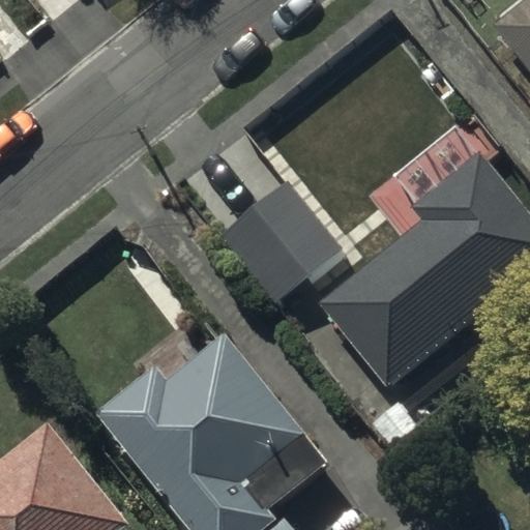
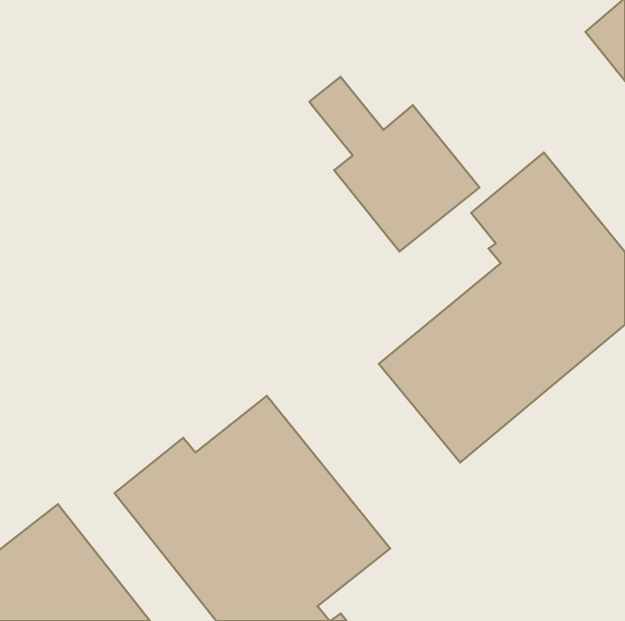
building: [200,156,343,303] -> [310,77,479,251]

